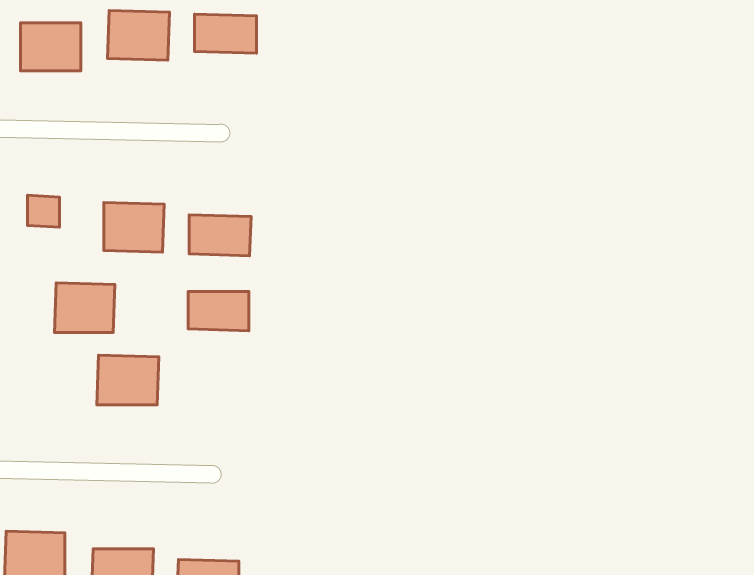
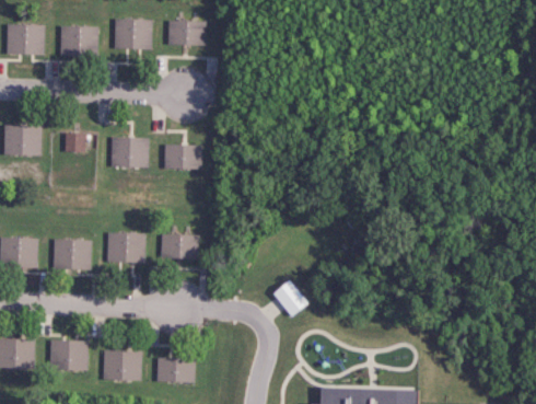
building: [55,283,115,332] -> [55,238,92,268]
building: [188,292,249,331] -> [163,234,200,258]
building: none -> [272,278,308,316]

